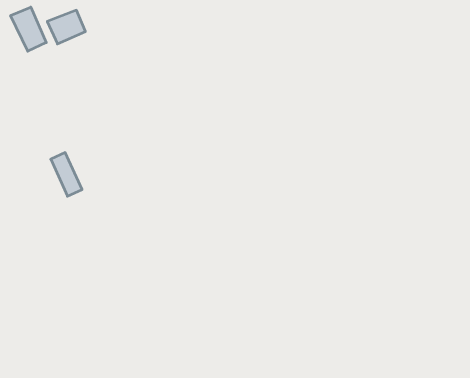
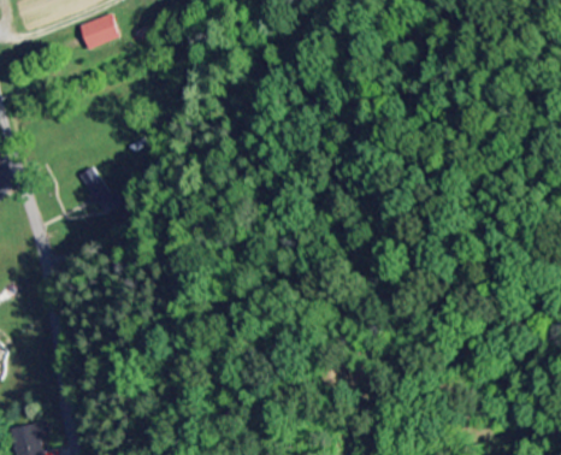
building: [11,7,46,51] -> none

